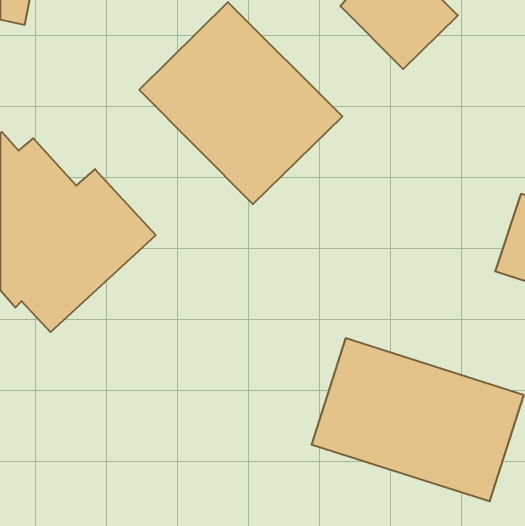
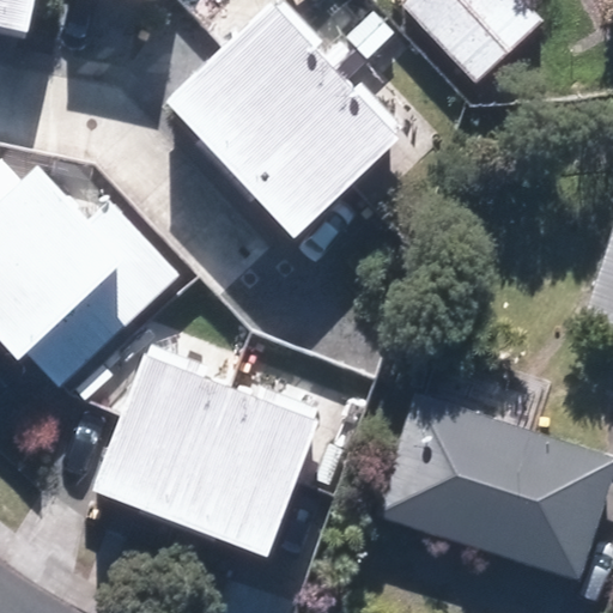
building: none -> [93,353,321,556]

